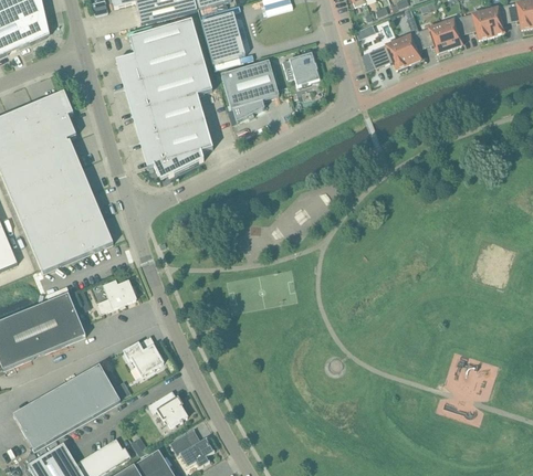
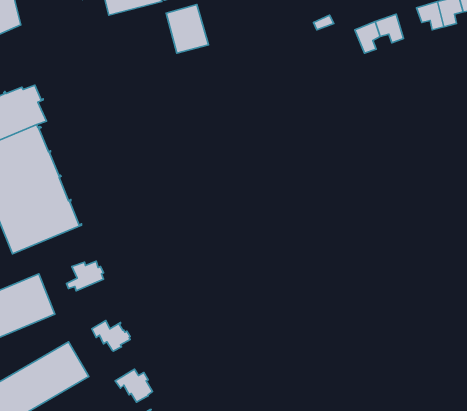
building: [441,15,468,47] -> none
building: [116,19,213,179] -> none
building: [369,39,408,70] -> none
building: [290,52,320,85] -> none
building: [221,61,279,120] -> none

